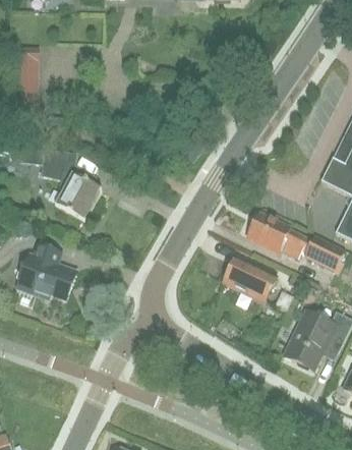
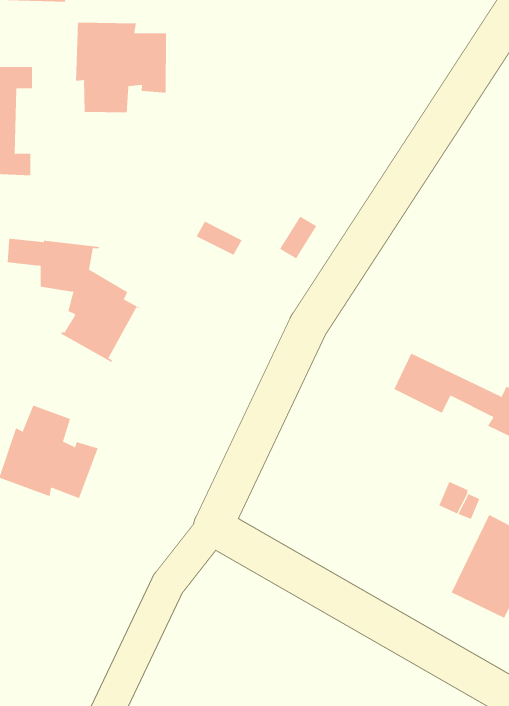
building: none -> [75,22,166,113]
building: [223,257,277,301] -> none

